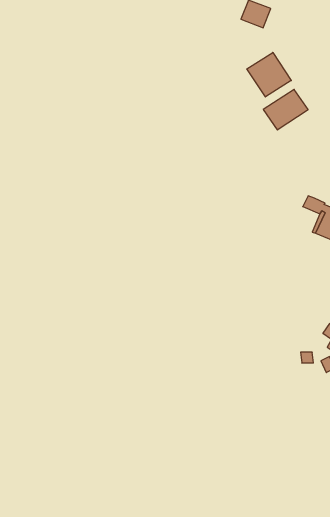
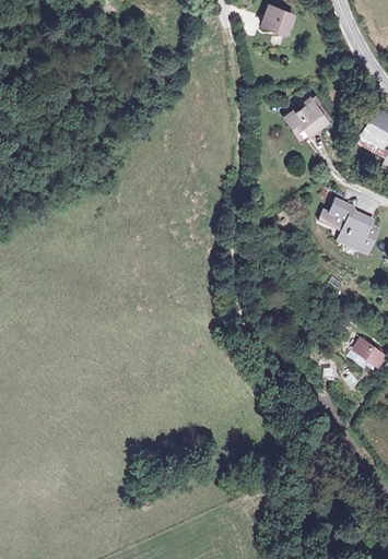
building: [247,52,291,97] -> none

